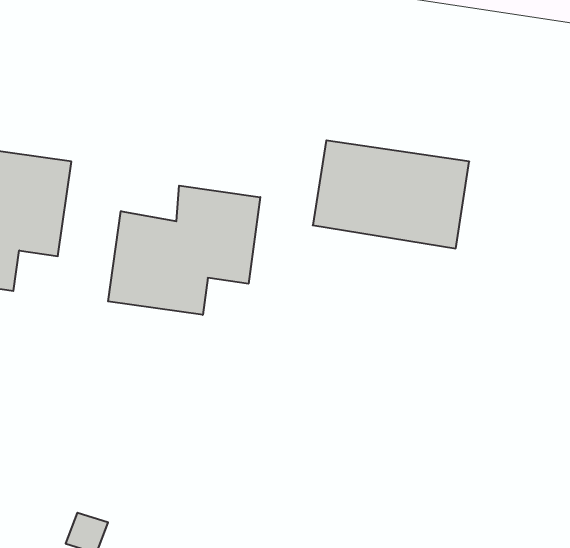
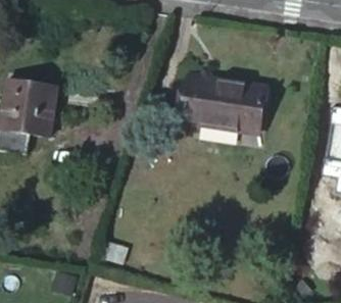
building: [108,186,260,315] -> none

